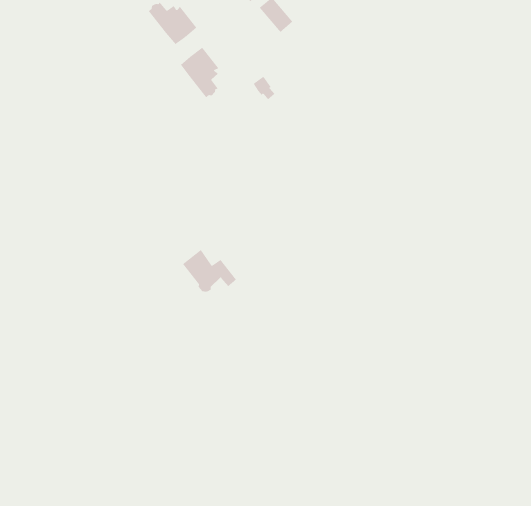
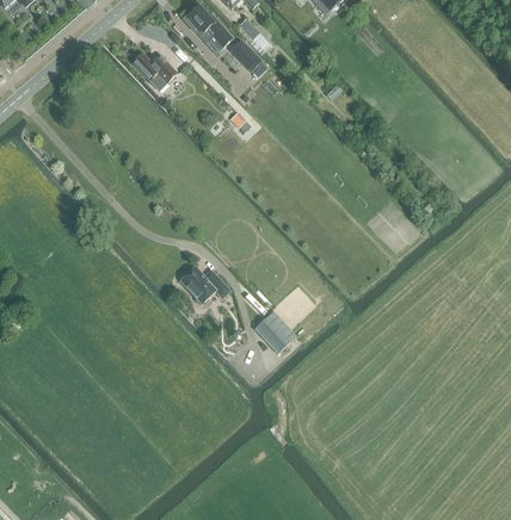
building: [180,47,219,98] -> none
building: none -> [254,314,293,352]

